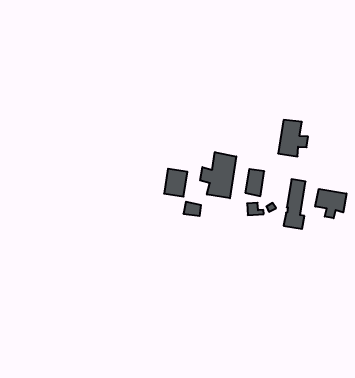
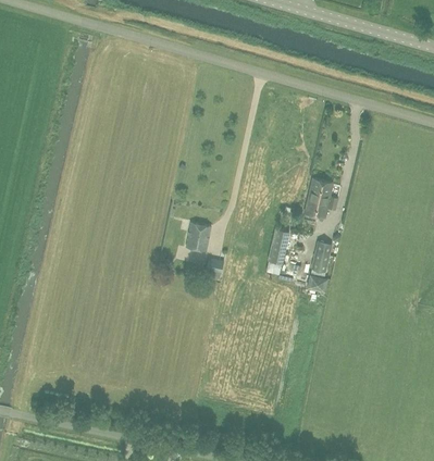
building: [200,152,236,198] -> none
building: [315,189,346,218] -> none

